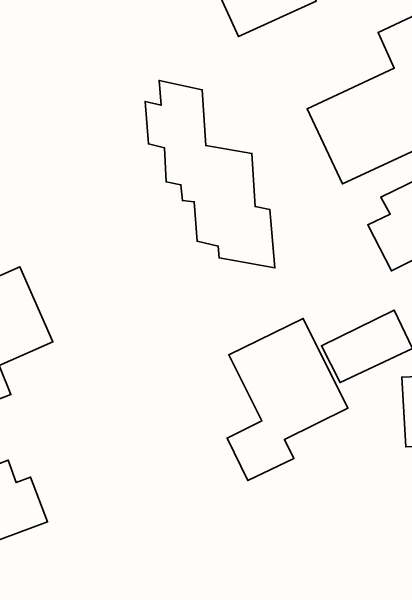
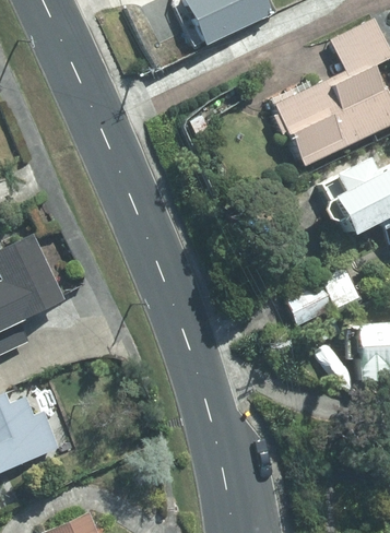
building: [145,80,275,268] -> none
building: [227,318,348,481] -> none

